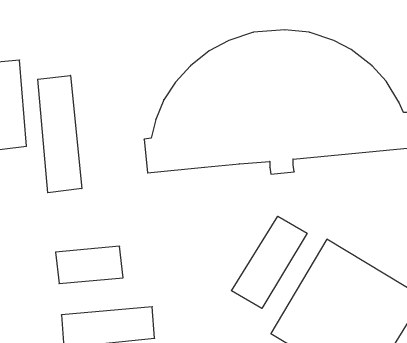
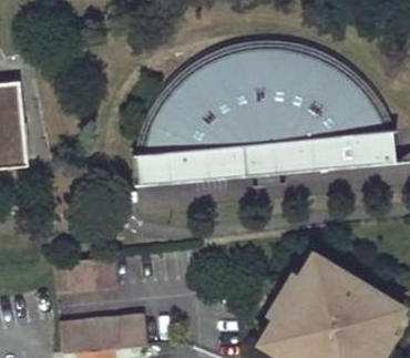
building: [38,75,82,193] -> none
building: [231,216,307,308] -> none

